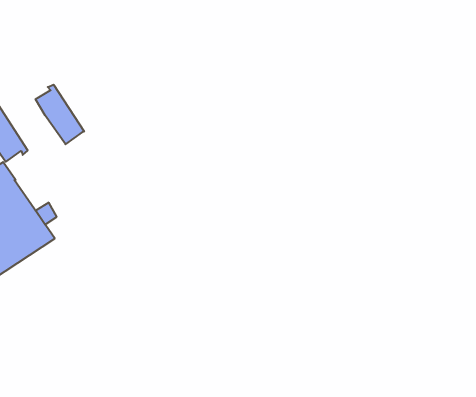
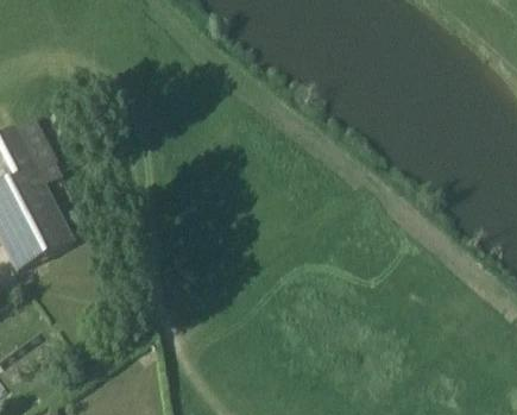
building: [36,85,84,144] -> none

